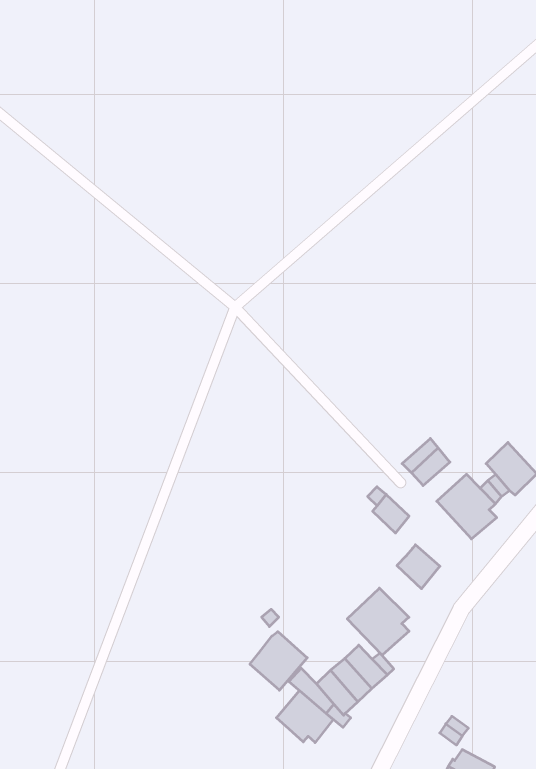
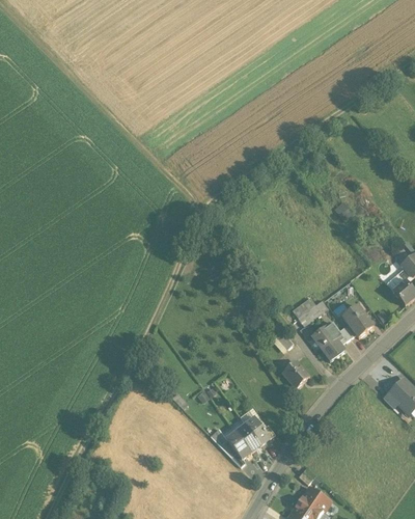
building: [347,588,409,655] -> none
building: [250,632,307,690] -> none
building: [276,691,333,743] -> none

